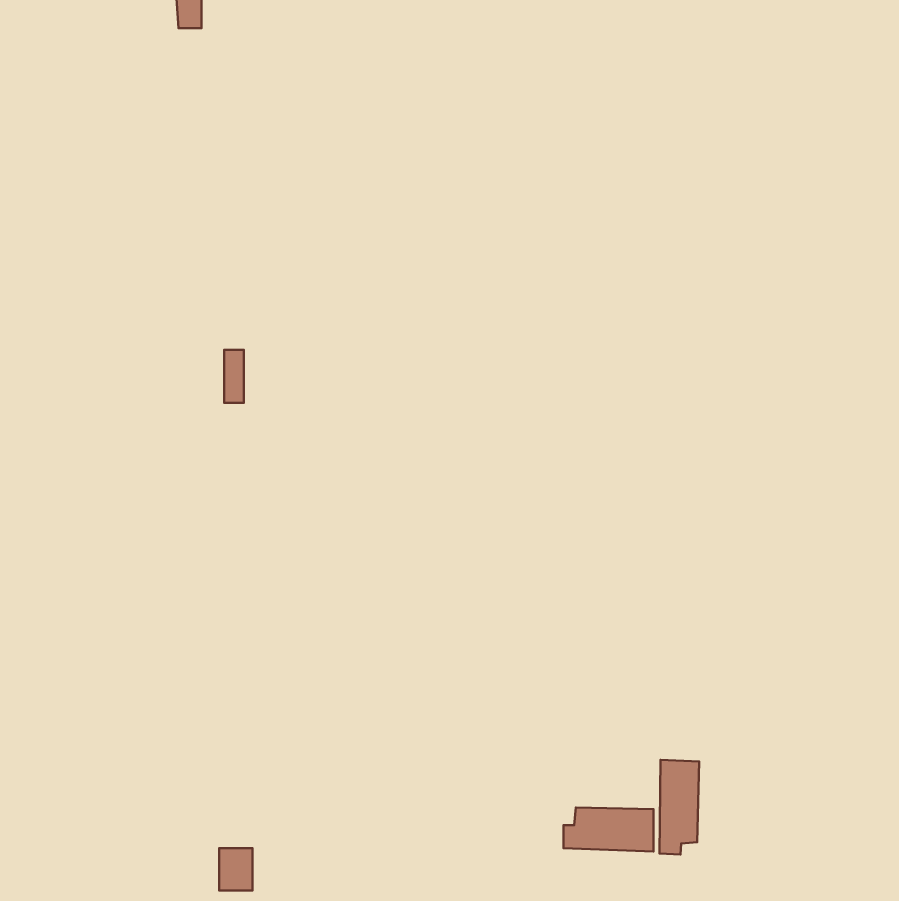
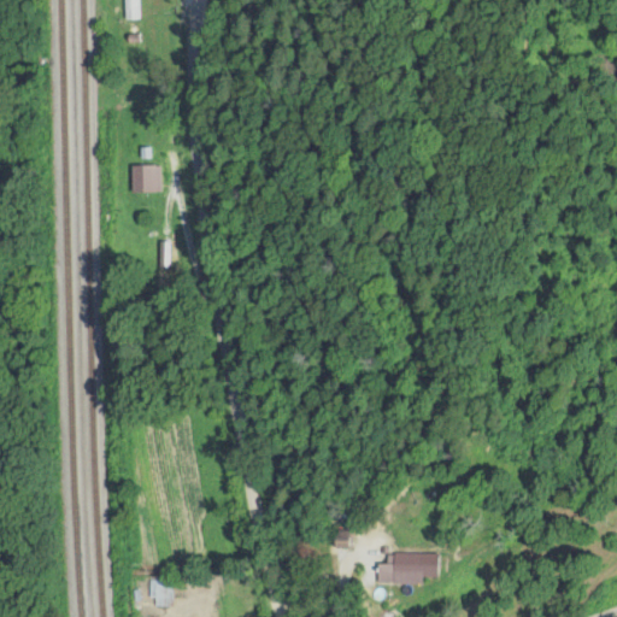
building: none -> [136,165,160,192]
building: [660,760,699,854] -> none

